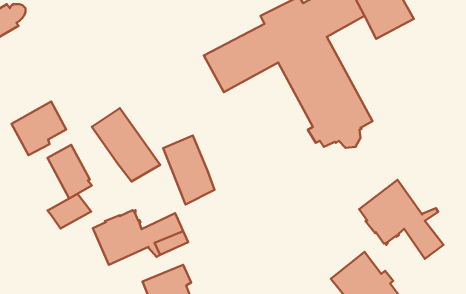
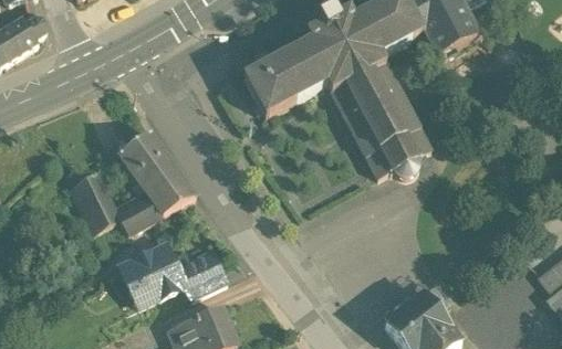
building: [11,102,66,155] -> none
building: [163,136,214,204] -> none
building: [359,180,444,259] -> none
building: [48,194,91,228] -> [114,195,163,234]

